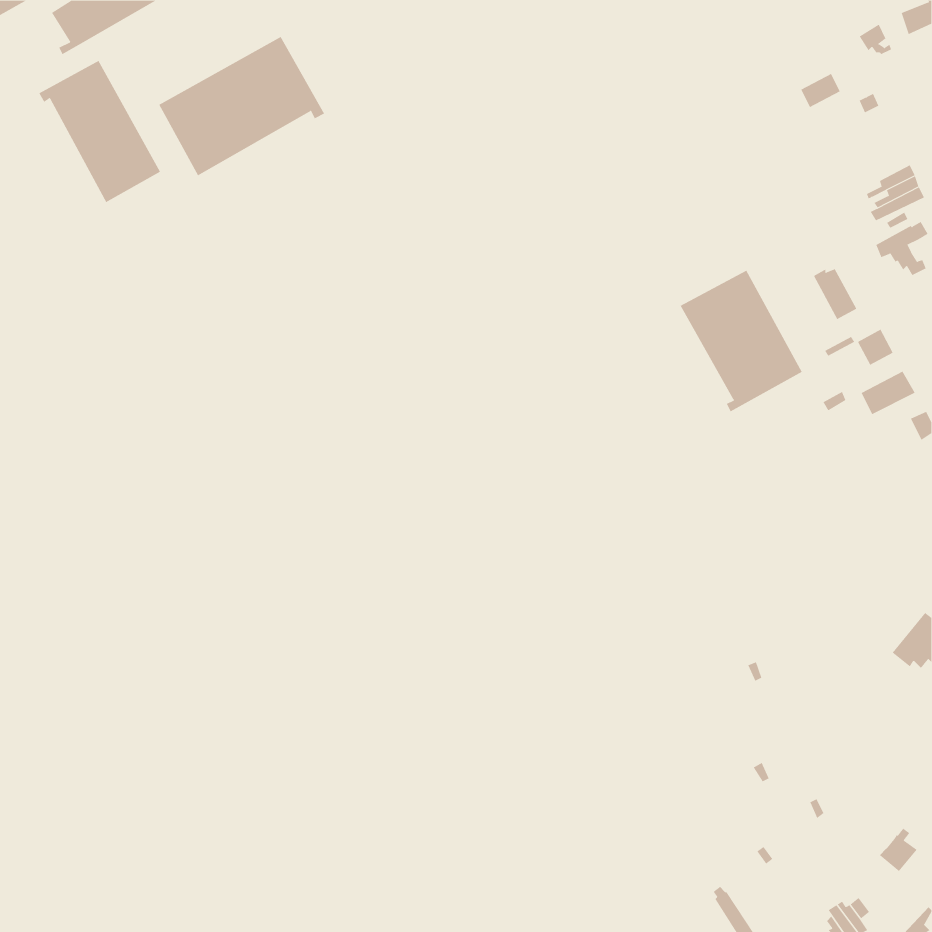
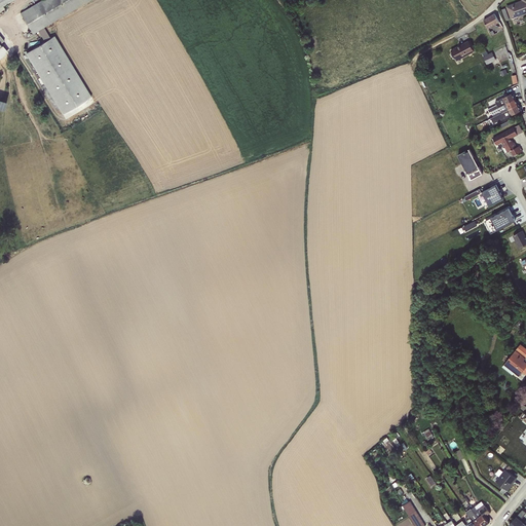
building: [159,36,325,176] -> none
building: [680,270,803,412] -> none

